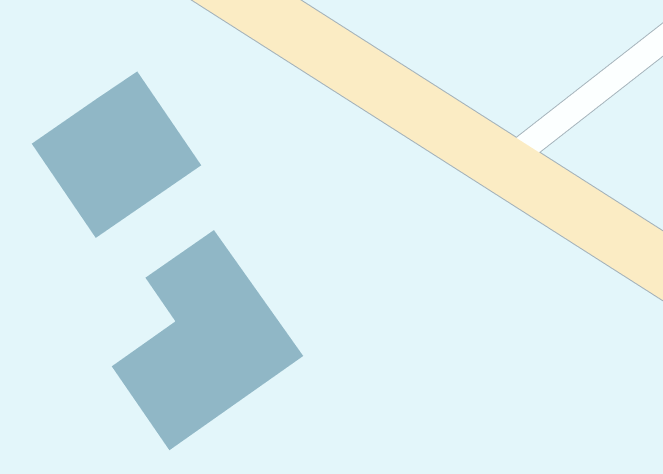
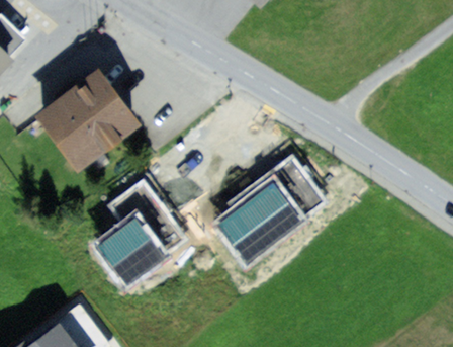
building: none -> [212,155,322,251]

